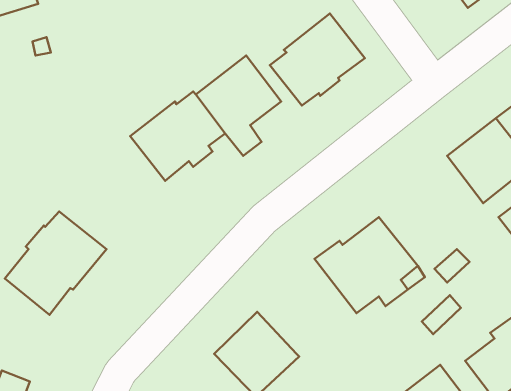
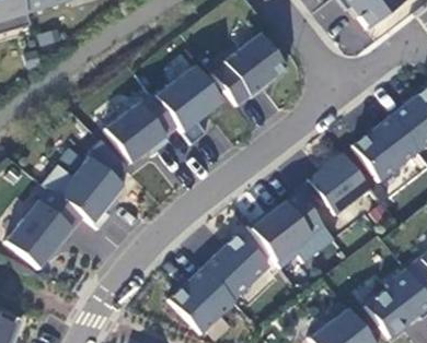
building: none -> [308,152,370,214]
building: none -> [42,157,125,229]
building: none -> [203,233,269,299]

